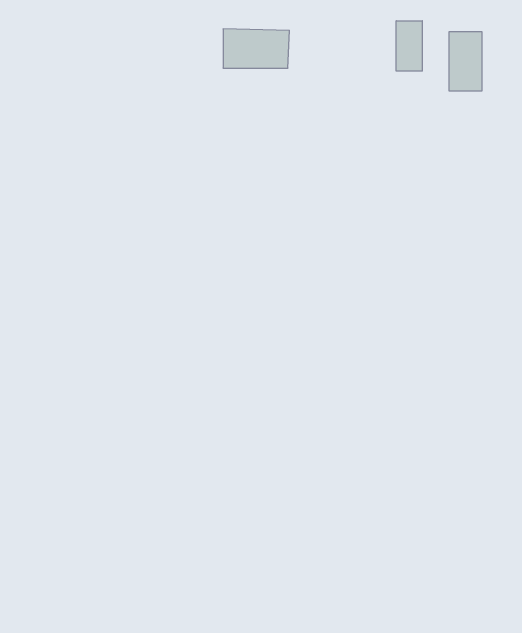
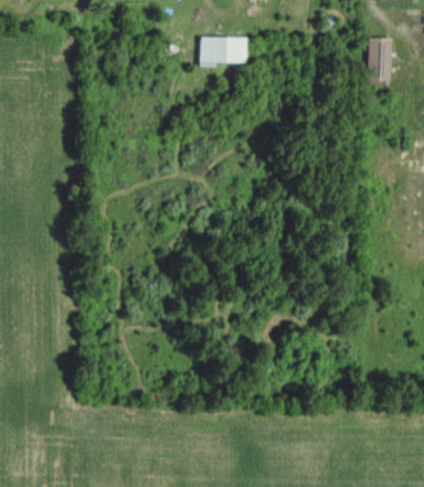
building: [396,21,422,71] -> none

